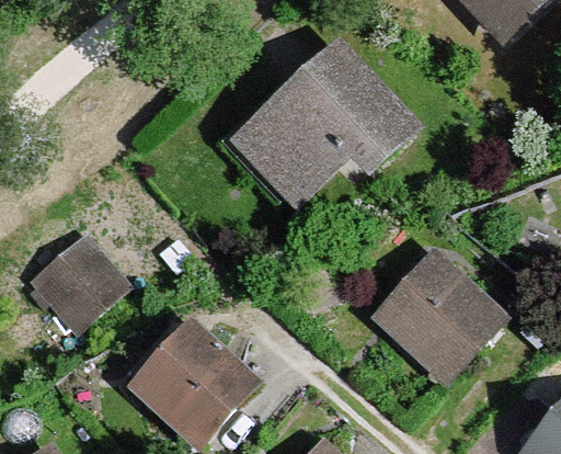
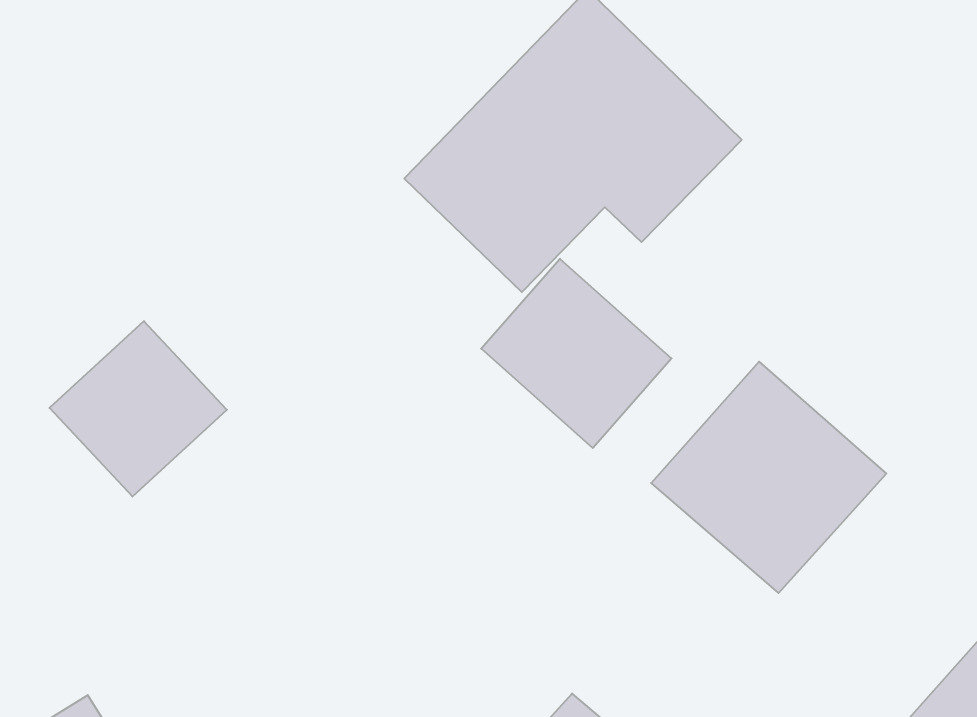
building: none -> [481,259,672,448]
building: [128,319,257,449] -> none

